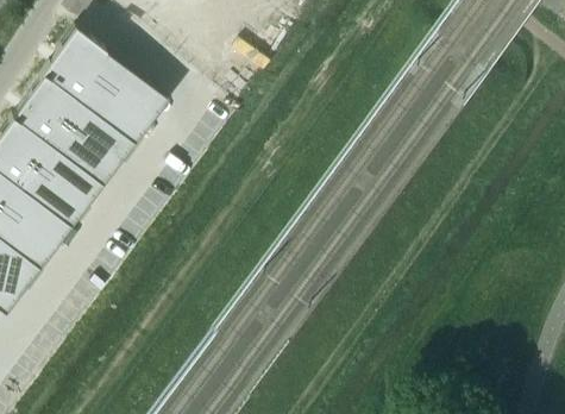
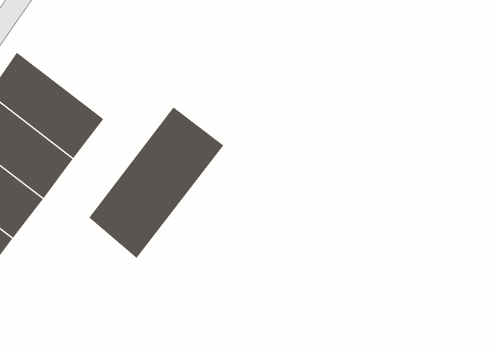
building: [42,29,169,146] -> none
building: none -> [89,106,224,259]

